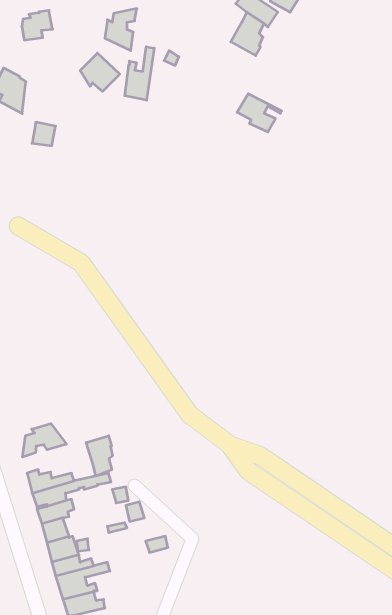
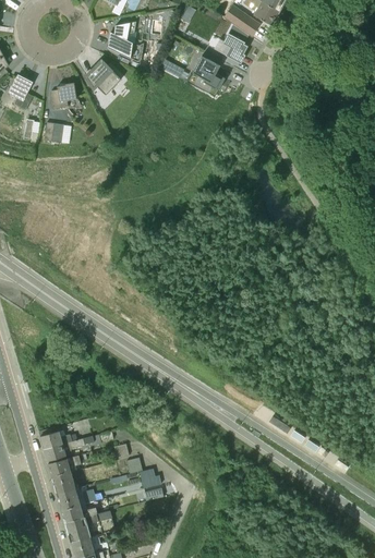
building: [22,10,53,40] -> [49,83,76,109]
building: [125,47,154,100] -> none
building: [237,94,282,132] -> [191,57,230,90]
building: [23,424,66,457] -> none
building: [86,436,112,476] -> none

